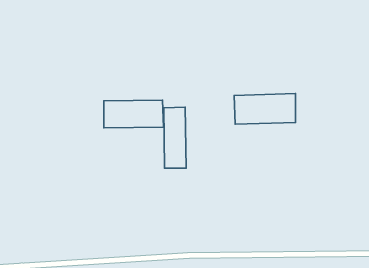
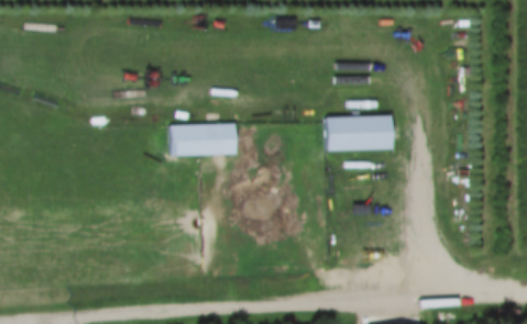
building: [164,107,186,168] -> none

